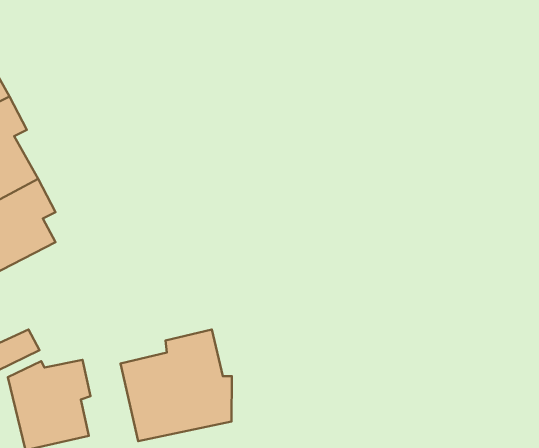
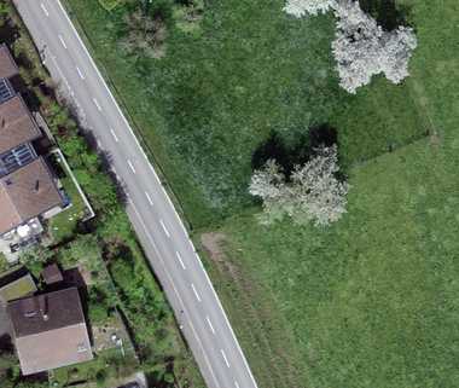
building: [120,330,232,441] -> none

